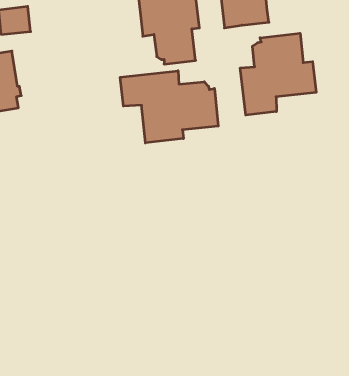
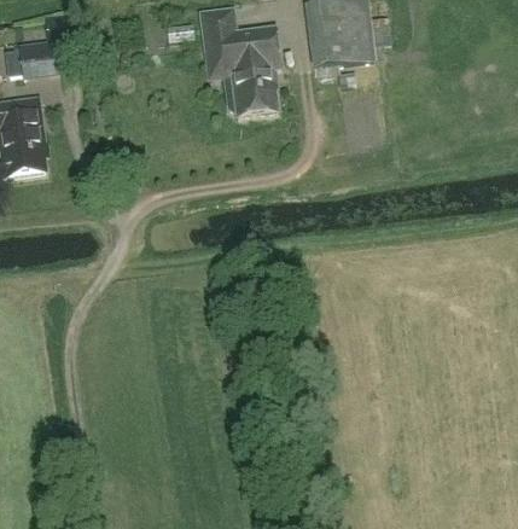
building: [240,33,316,115] -> none
building: [120,71,218,143] -> none

